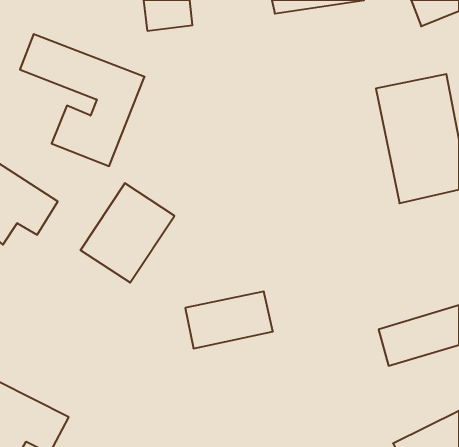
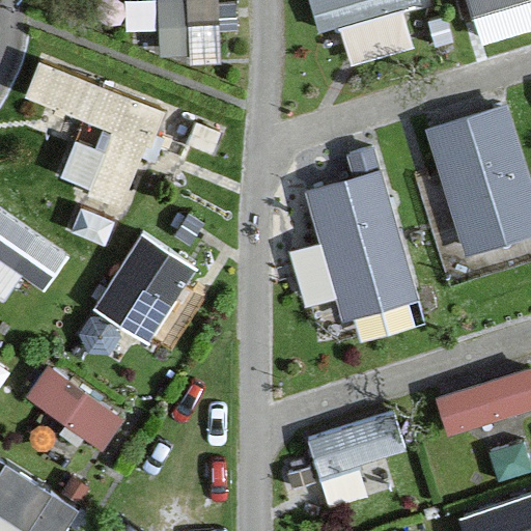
building: none -> [308,167,413,319]
building: [185,292,273,348] -> [306,414,407,479]
building: none -> [25,362,125,448]

